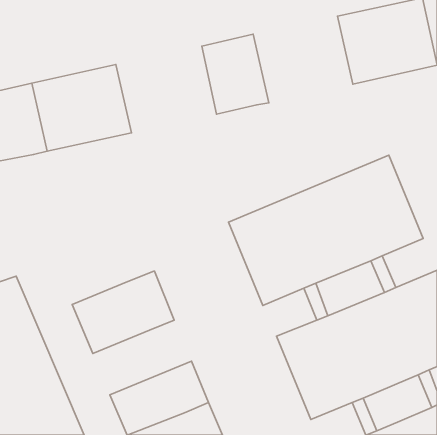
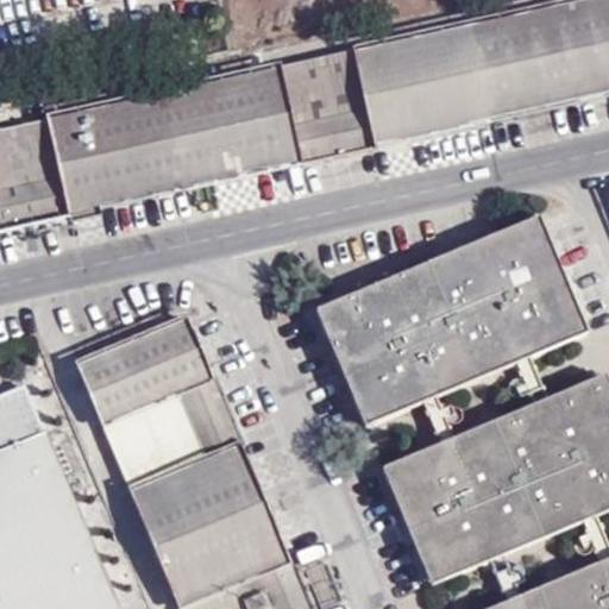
building: none -> [351,23,489,143]
building: none -> [161,64,300,184]
building: none -> [75,315,213,422]
building: none -> [128,444,265,547]

